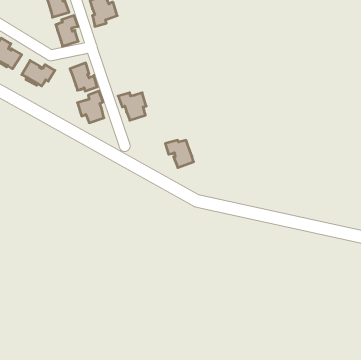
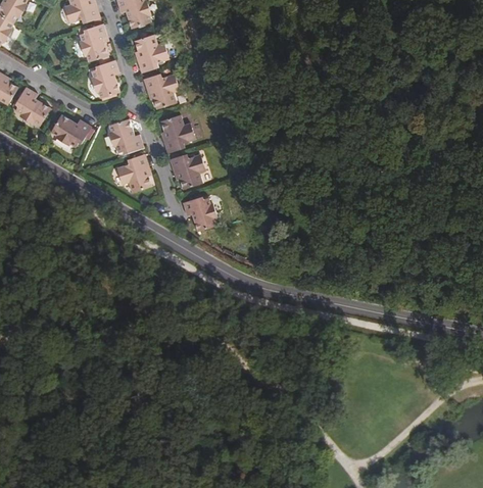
building: none -> [143,75,177,108]
building: none -> [160,114,194,152]
building: [165,140,194,168] -> [183,197,218,231]

